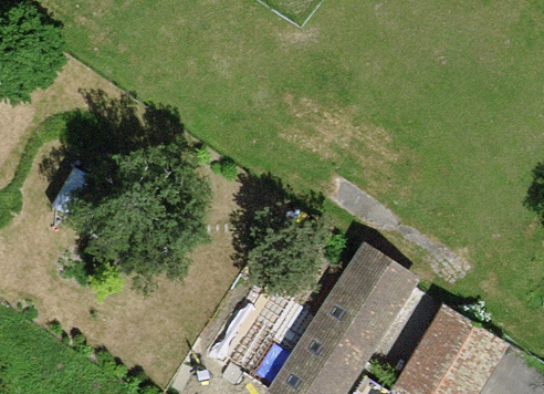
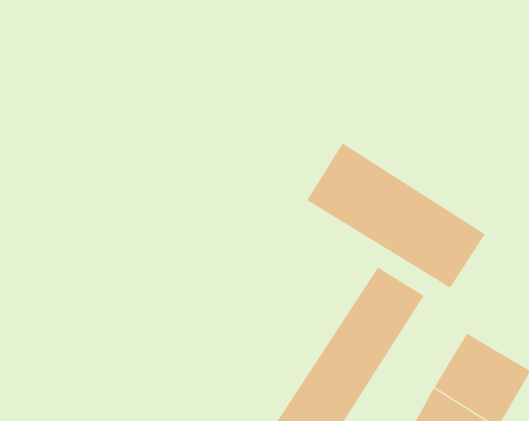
building: none -> [306,142,486,289]

